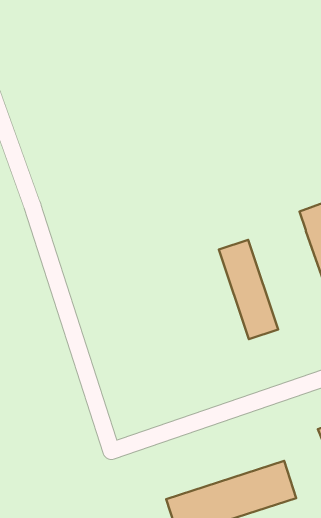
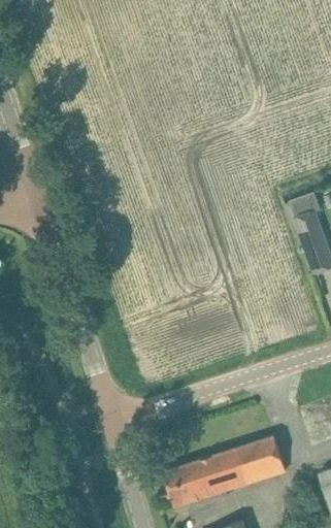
building: [219,240,278,339] -> none

